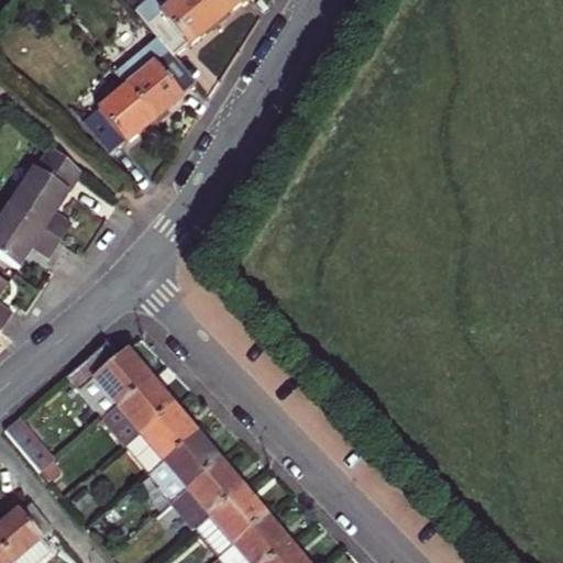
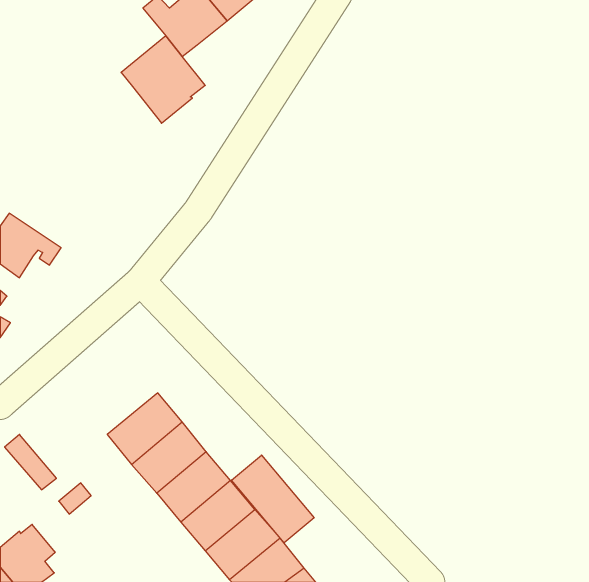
building: [82,82,154,152] -> none
building: [9,144,81,236] -> none
building: [67,341,151,415] -> none
building: none -> [231,455,314,543]

